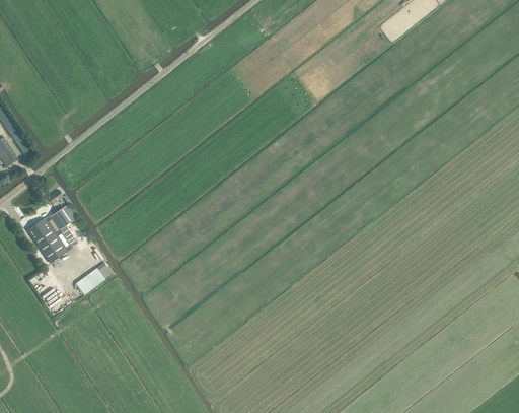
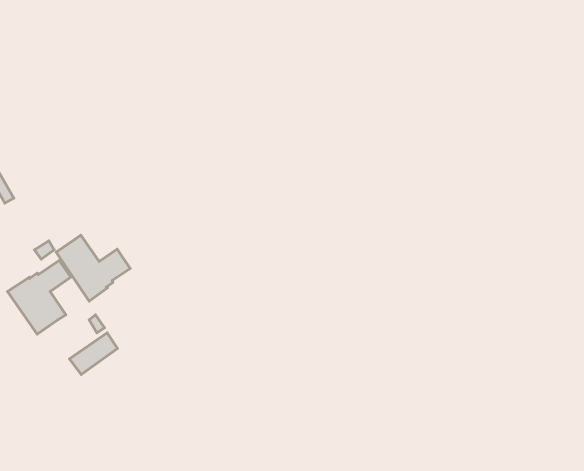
building: none -> [56,235,130,301]

